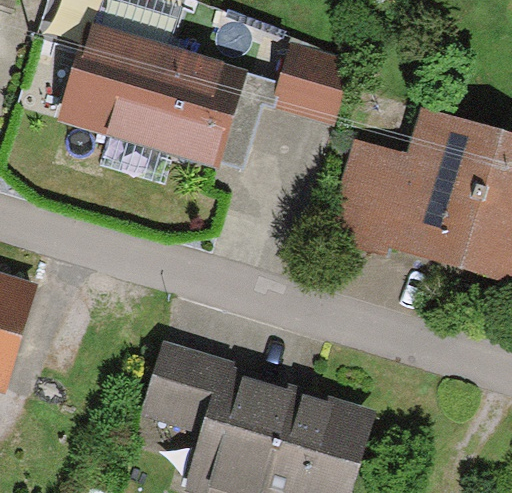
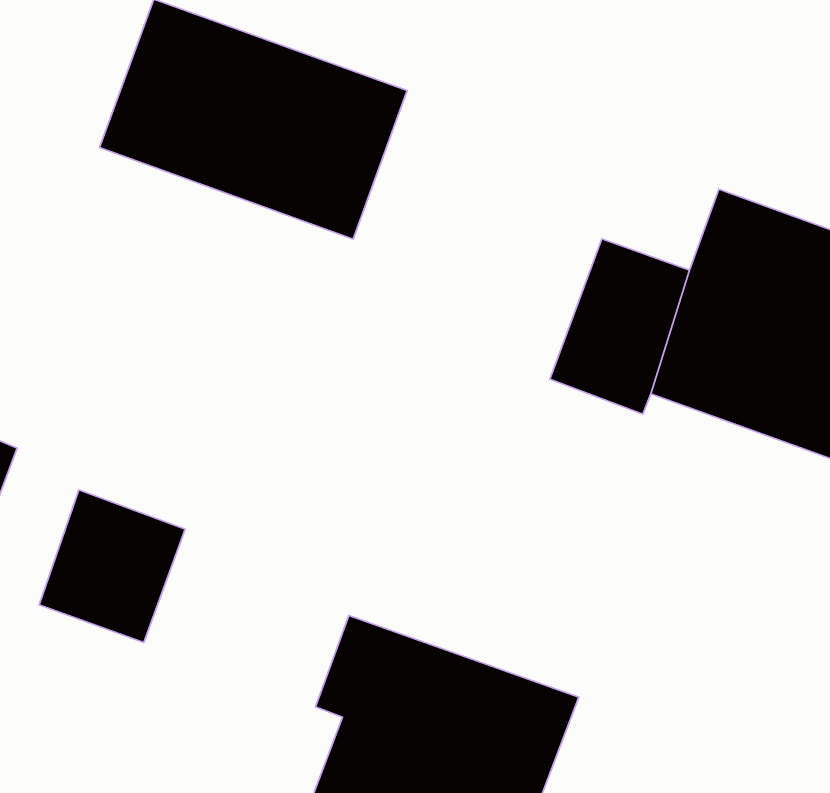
building: [272,44,346,119] -> none
building: [146,343,228,429] -> [39,490,185,642]

